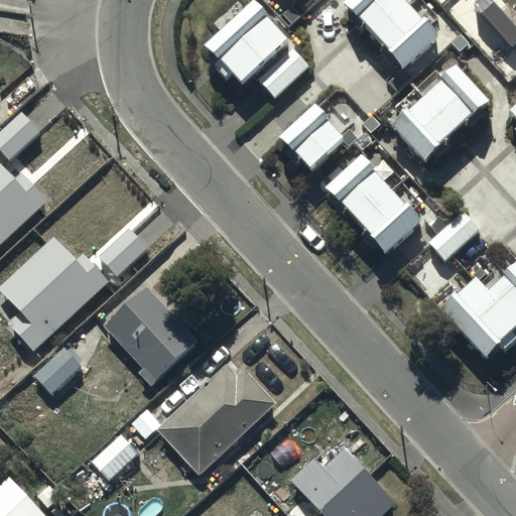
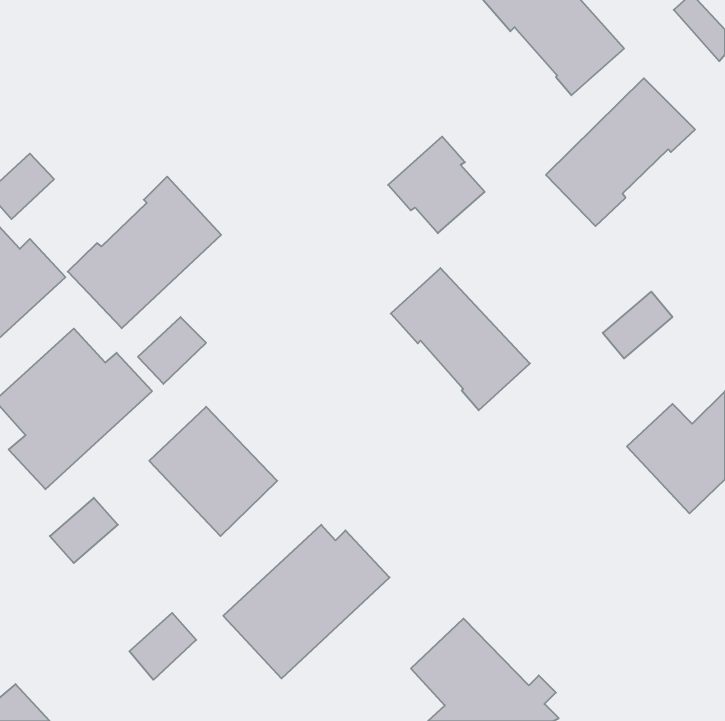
building: [208,9,309,99] -> none
building: none -> [68,177,221,328]
building: [325,153,423,254] -> [391,268,530,410]

